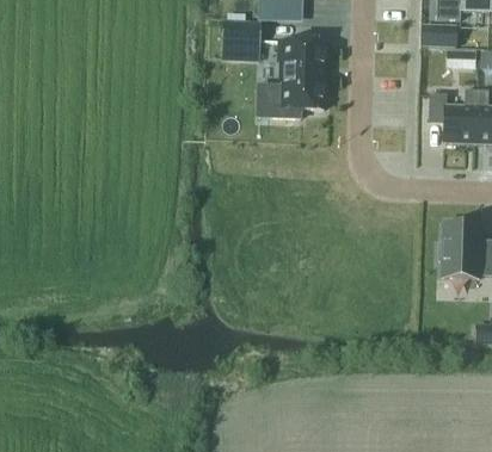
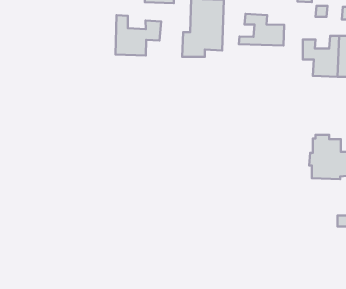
building: none -> [239,14,284,46]
building: none -> [116,15,161,55]

